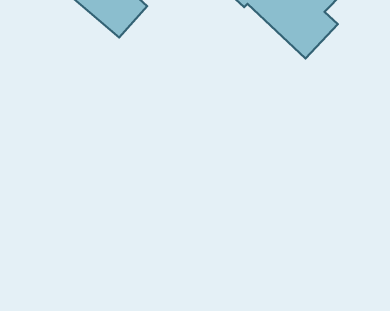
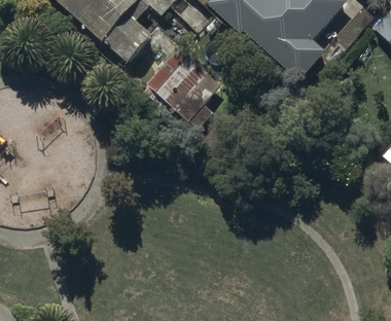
building: none -> [146,47,219,110]

